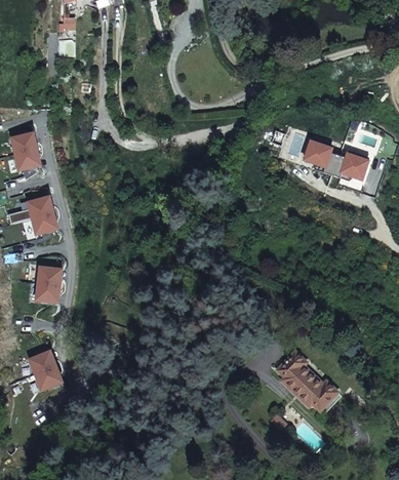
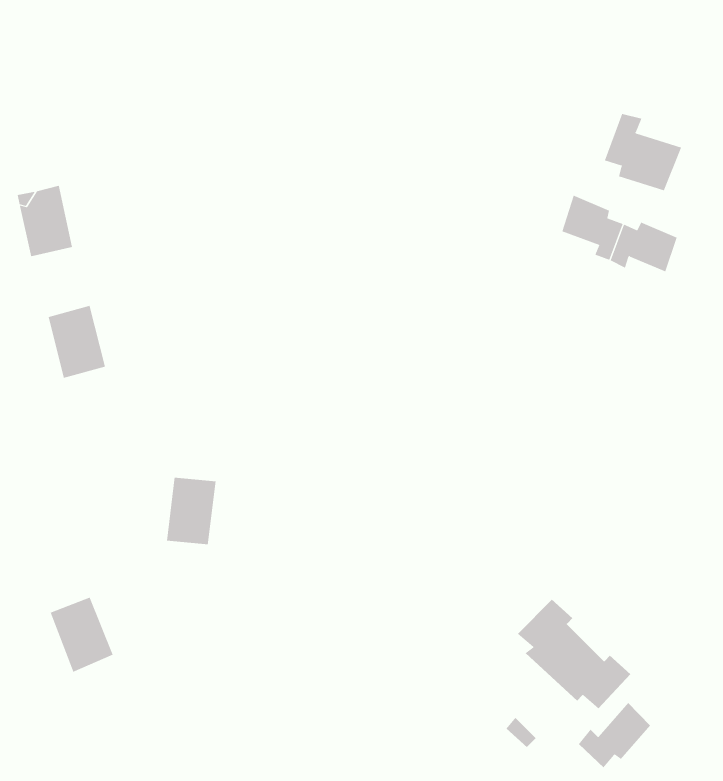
building: none -> [604,113,682,191]
building: [36,267,63,303] -> [166,477,216,545]
building: none -> [578,702,651,768]

